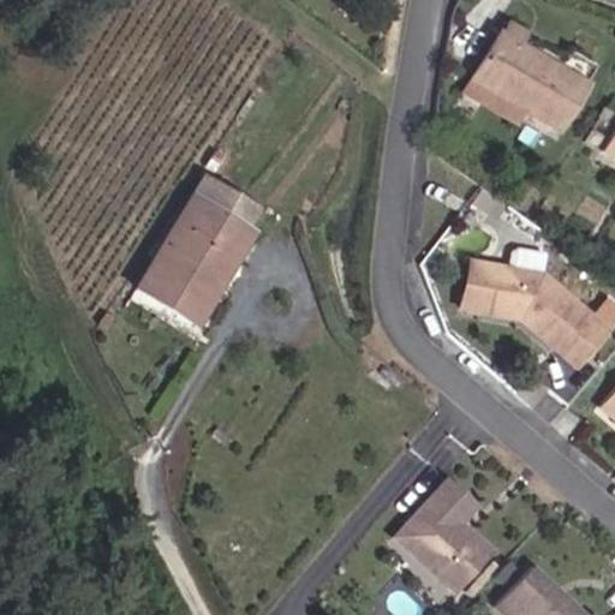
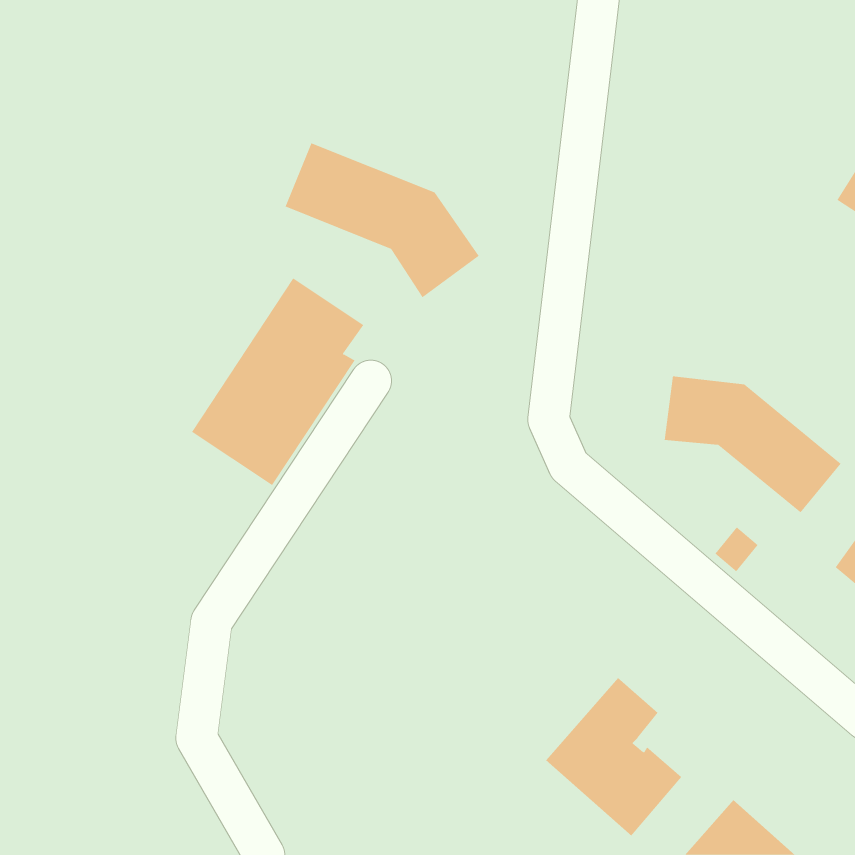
building: [467,24,583,126] -> none
building: none -> [285,143,479,298]

